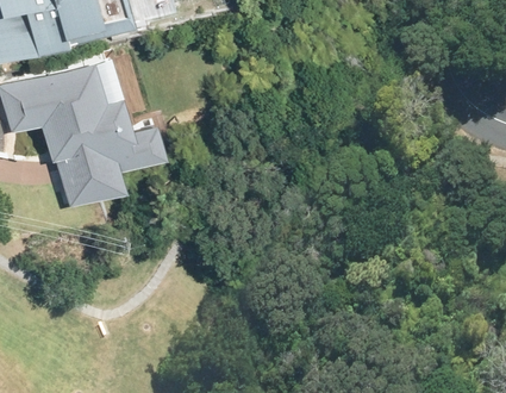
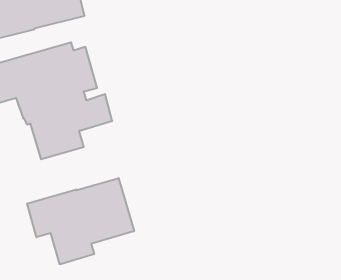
building: none -> [27,178,134,264]

